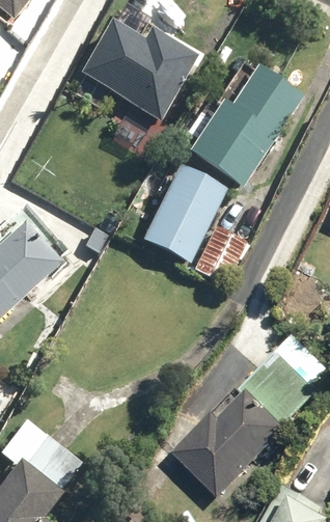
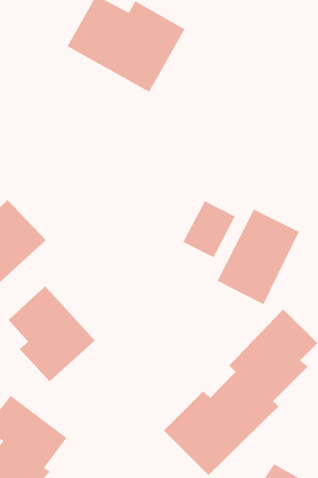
building: [184,68,301,189] -> none
building: [142,166,224,262] -> [217,208,300,305]
building: none -> [8,286,95,382]

